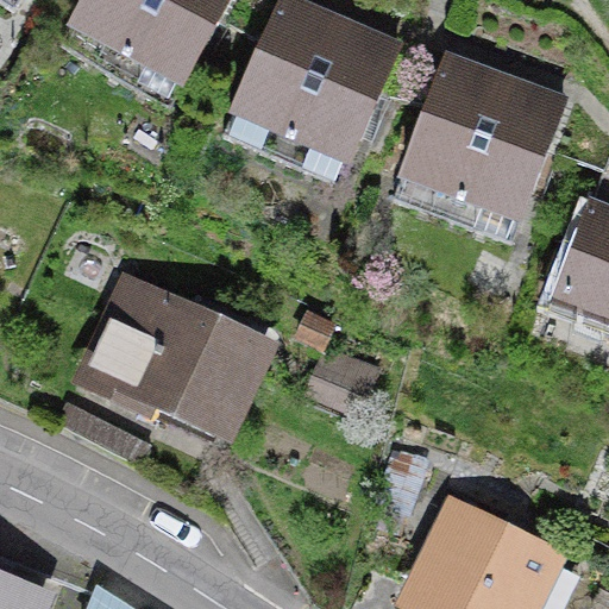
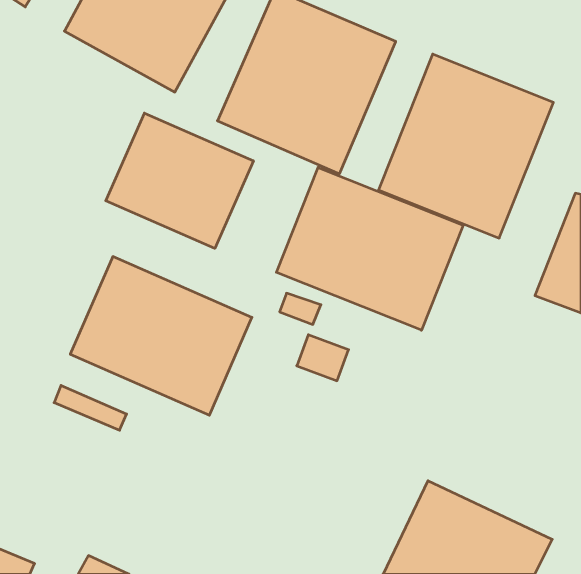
building: none -> [106,113,253,248]
building: none -> [276,167,463,330]

